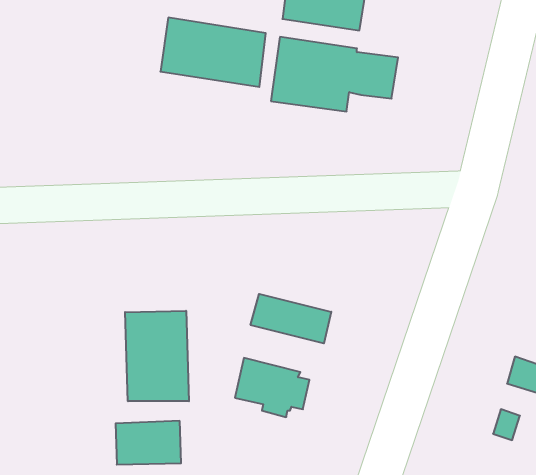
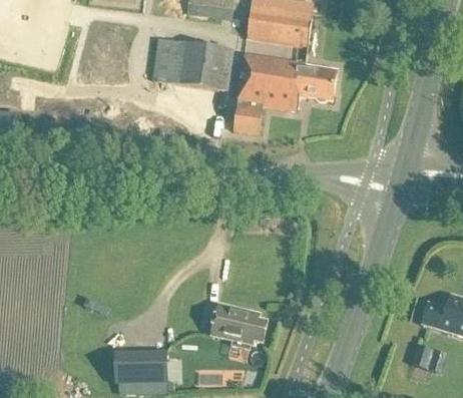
building: none -> [233,105,263,134]
building: [251,294,331,343] -> none
building: [125,311,189,401] -> none

